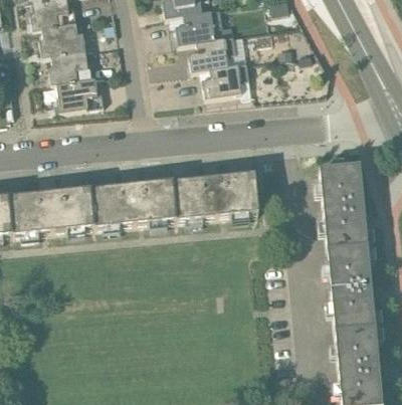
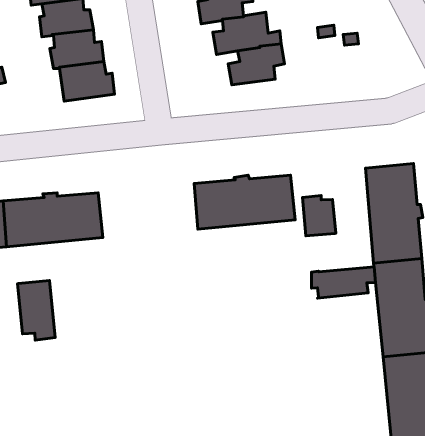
building: [89,180,175,226] -> none
building: none -> [303,195,336,236]
building: none -> [311,267,376,298]
building: none -> [17,280,55,340]

